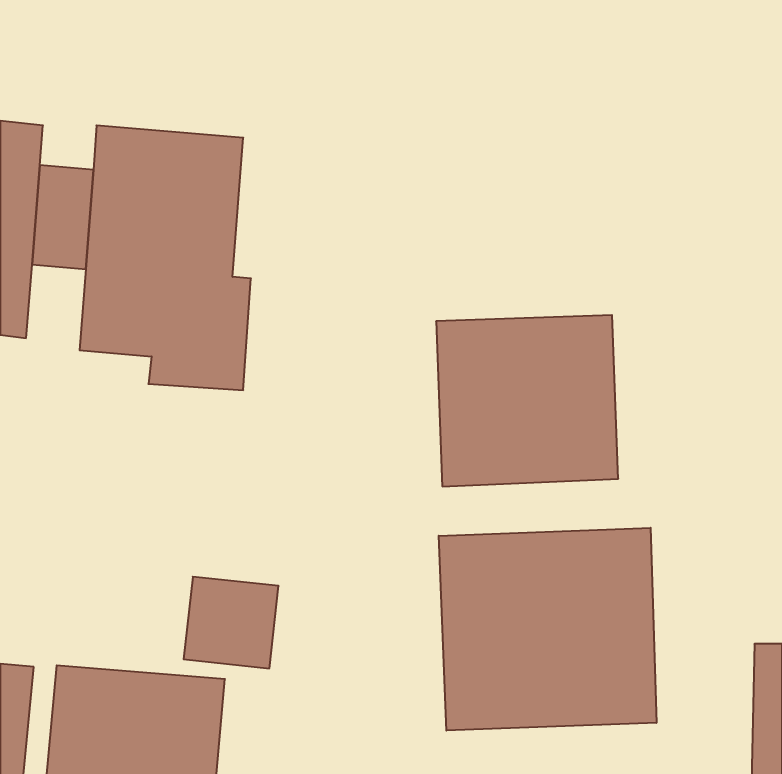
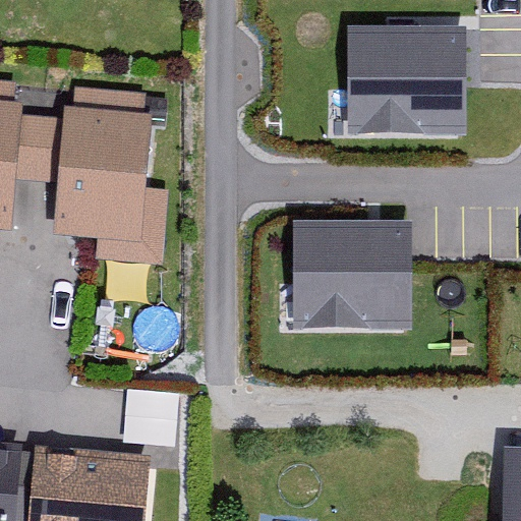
building: none -> [348,25,465,130]
building: [439,528,656,731] -> none

